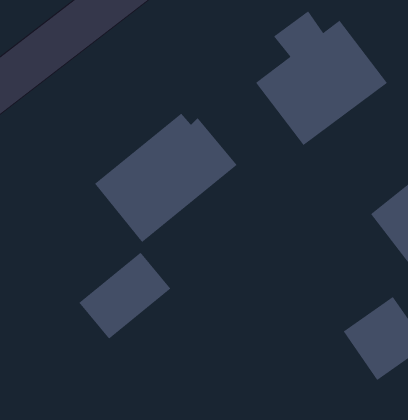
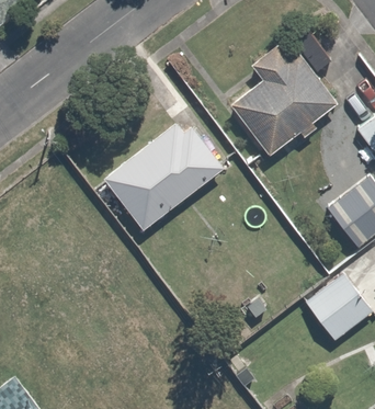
building: [78,252,171,339] -> none

